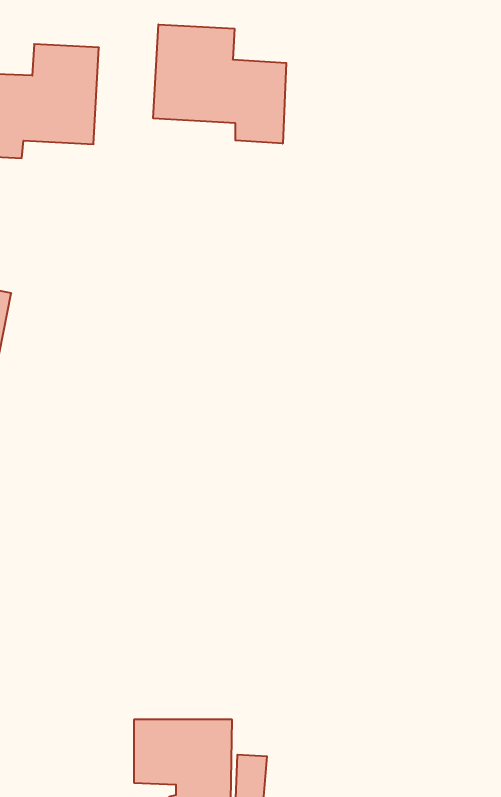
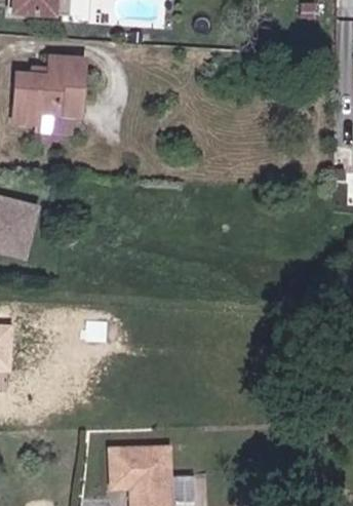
building: [153,24,286,144] -> none

